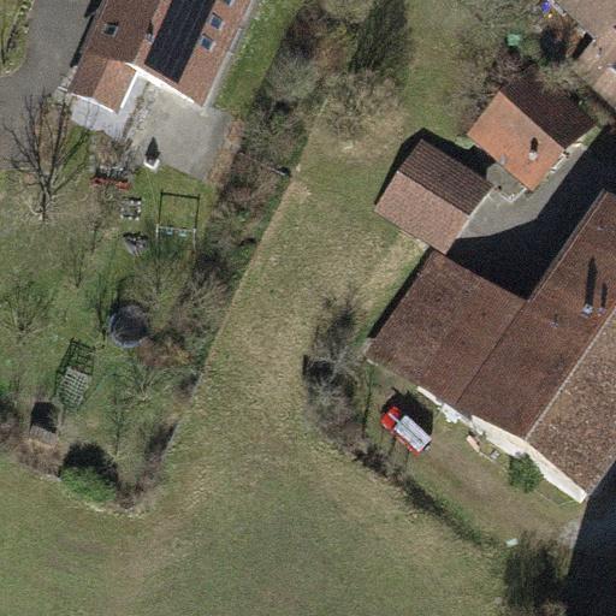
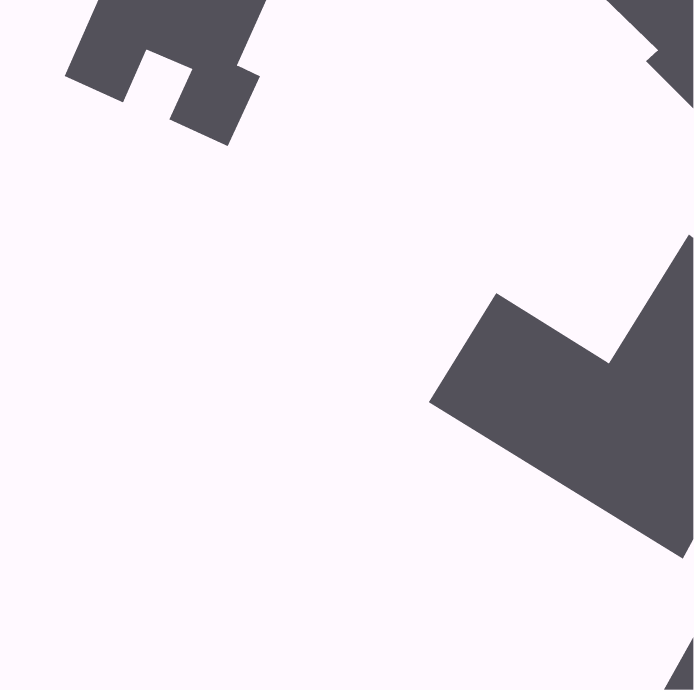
building: [473,63,594,184] -> none
building: [379,134,493,244] -> none

